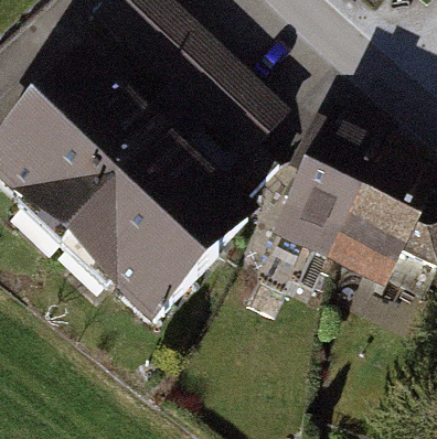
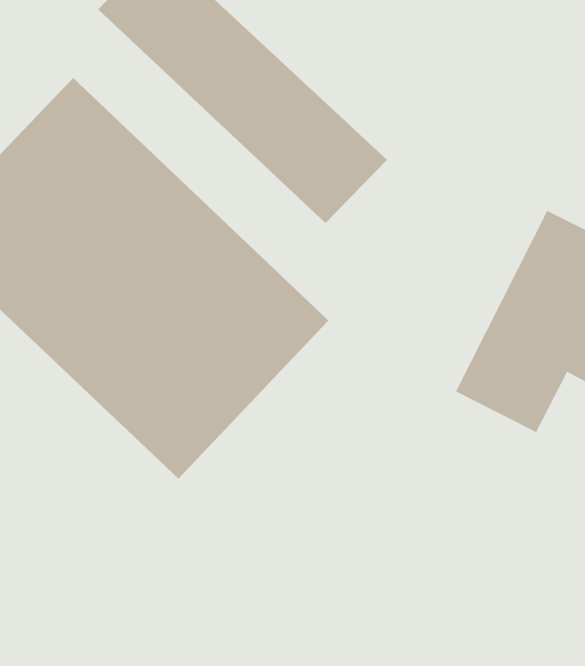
building: [269,120,380,263] -> none

